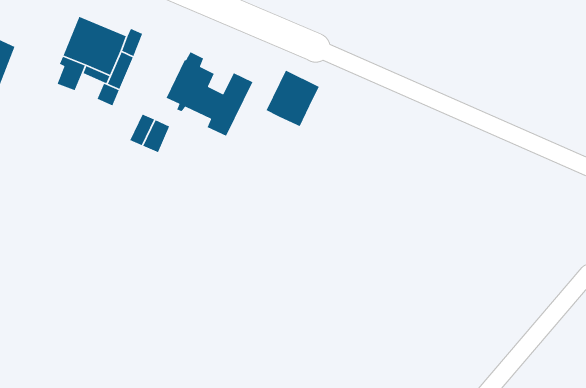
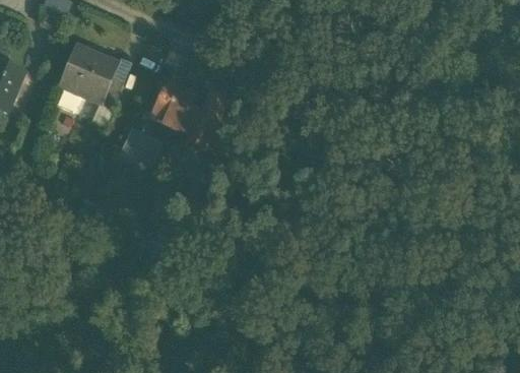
building: [266,69,320,127] -> none

